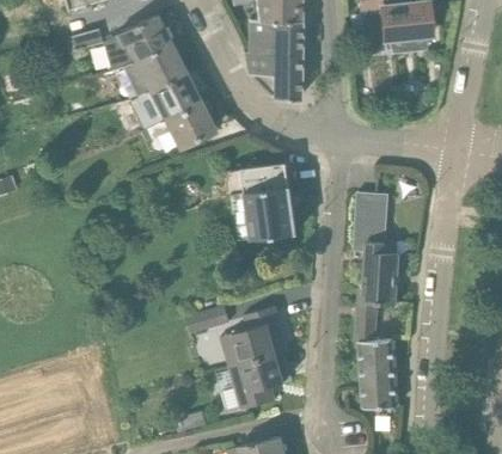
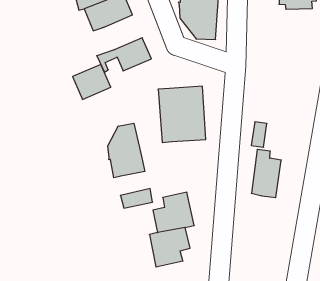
building: [148,73,201,122] -> [73,64,111,99]
building: none -> [108,123,145,178]
building: [356,302,398,410] -> none

